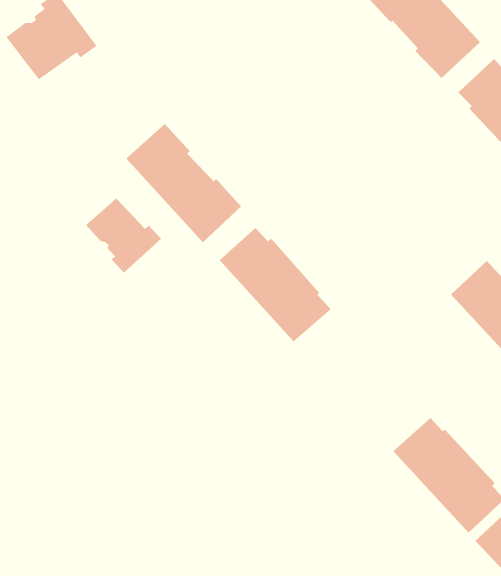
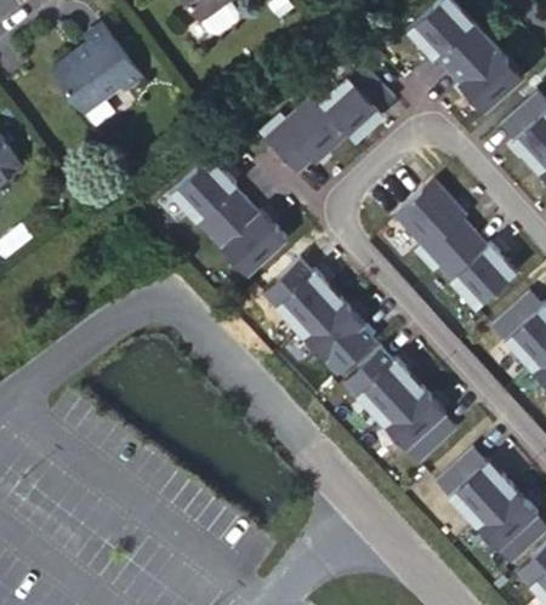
building: none -> [260,63,392,172]
building: none -> [394,179,514,306]
building: [85,198,162,273] -> none
building: none -> [343,346,456,462]

